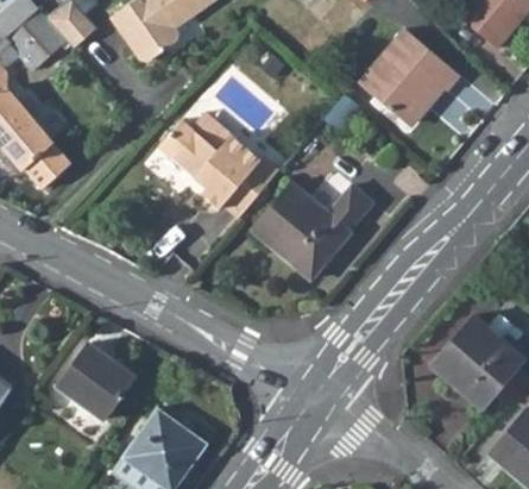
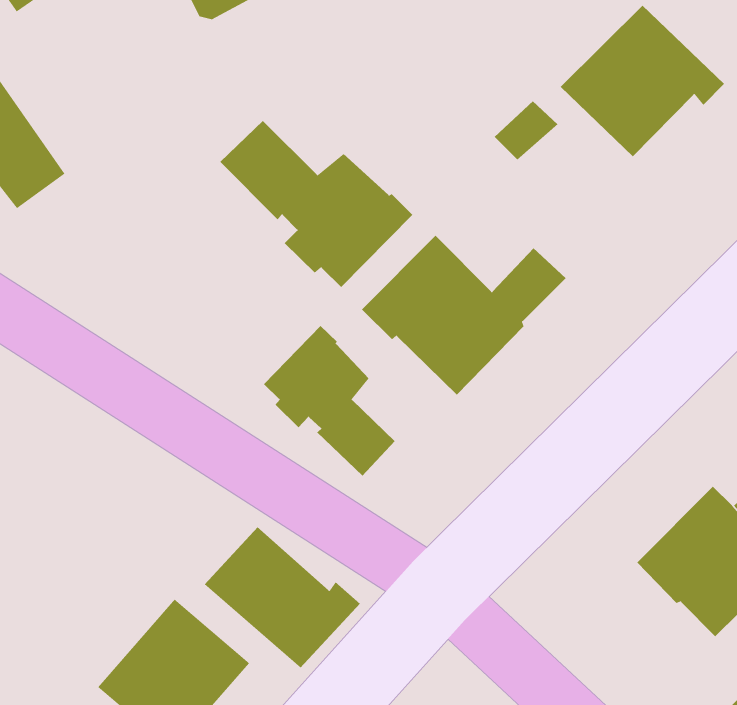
building: none -> [263,325,396,477]
building: [57,344,133,420] -> none
building: none -> [204,527,361,669]

